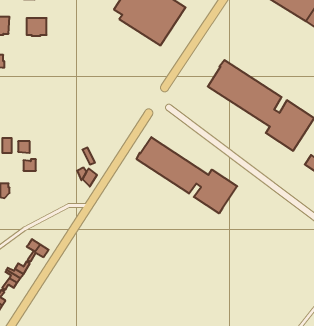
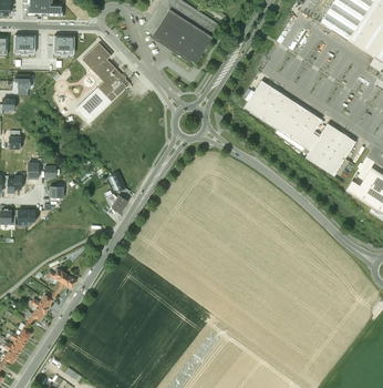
building: none -> [76,43,130,123]
building: [137,137,237,213] -> none

